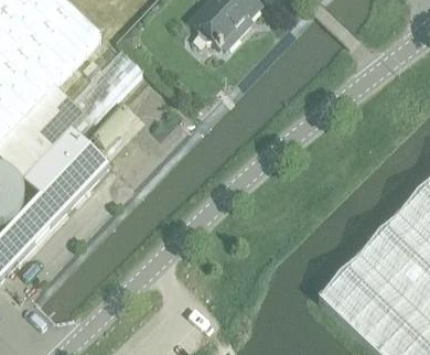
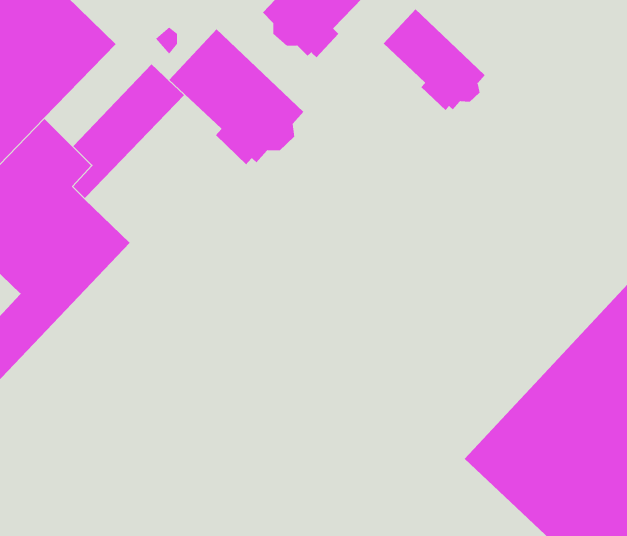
building: none -> [383,8,486,111]
building: none -> [169,29,304,165]

